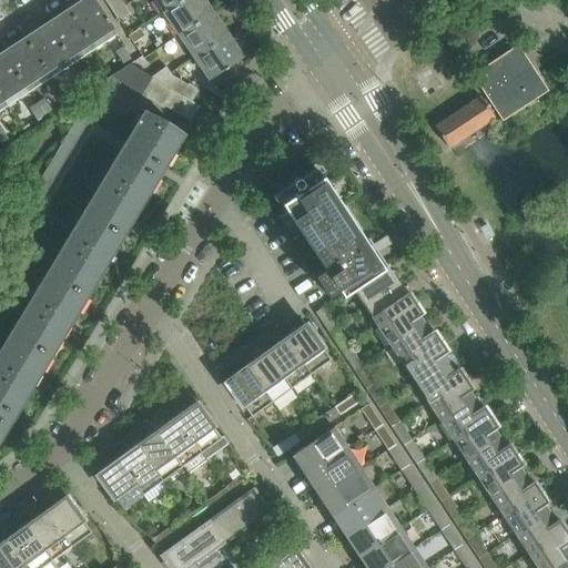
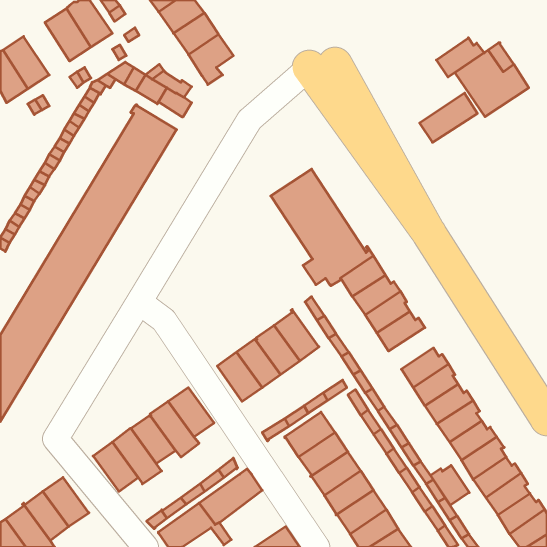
building: [24,23,72,78] -> none
building: none -> [436,38,484,77]
building: [403,339,449,383] -> none
building: none -> [431,465,469,505]

